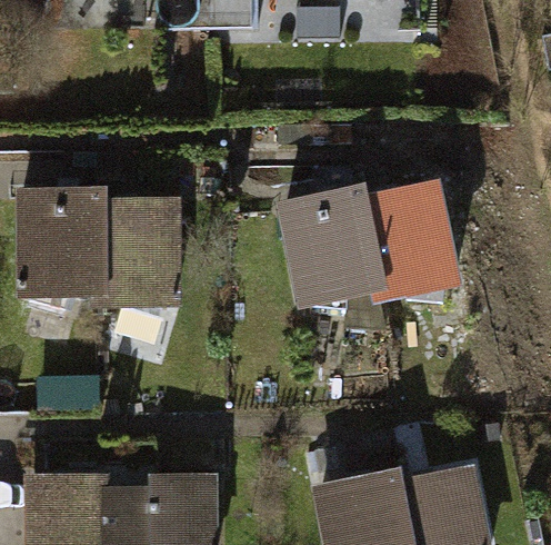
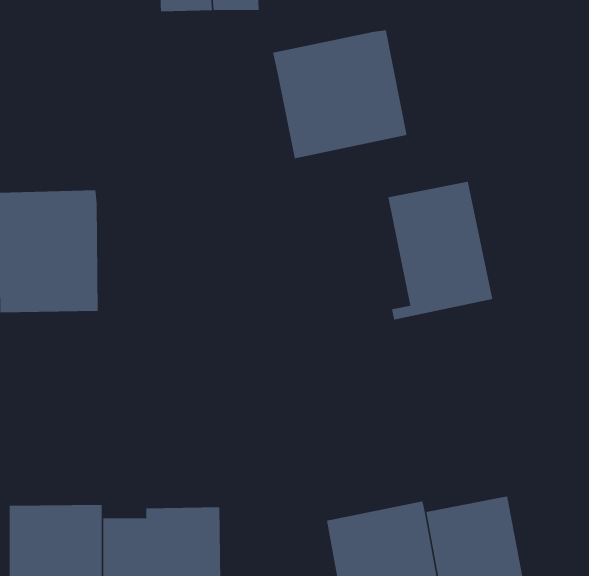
building: none -> [272,30,407,159]
building: [274,186,387,311] -> none
building: [88,199,182,309] -> none

